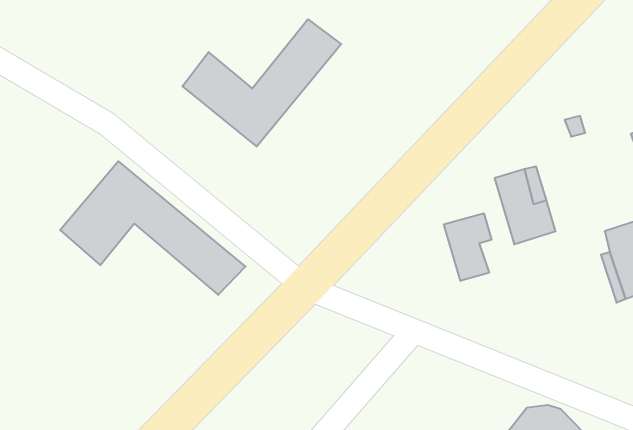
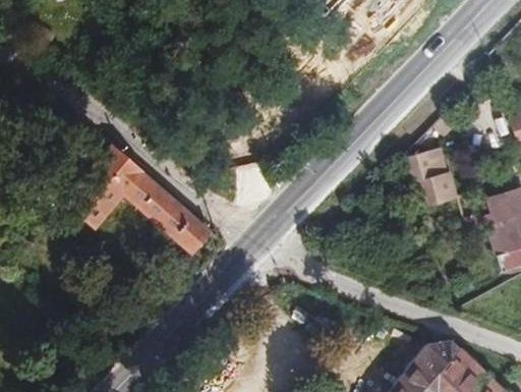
building: [182,19,341,146] -> none
building: [444,213,492,281] -> none

